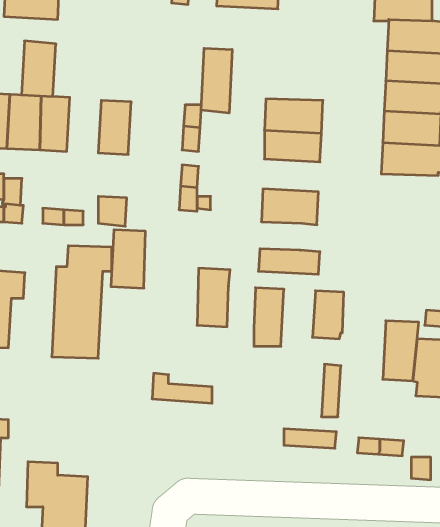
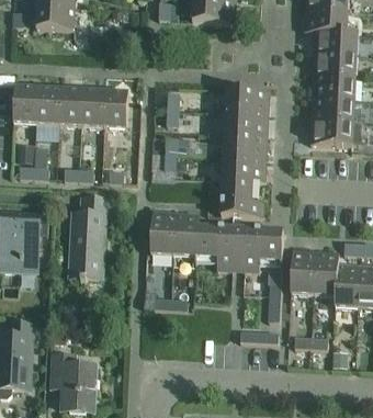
building: [21,41,56,96] -> [80,88,105,128]
building: [201,48,232,113] -> none
building: none -> [224,133,265,157]
building: none -> [222,179,252,200]
building: [111,230,145,288] -> [151,212,177,255]
building: none -> [197,226,218,257]
building: none -> [237,228,262,272]
building: none -> [290,250,314,294]

